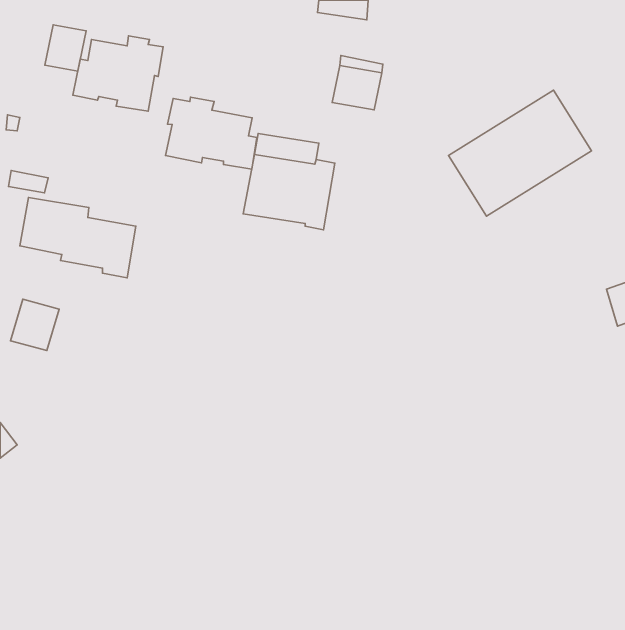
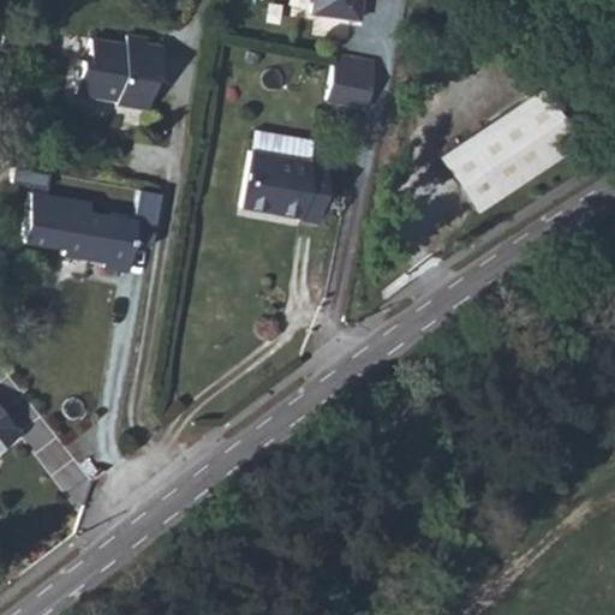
building: [45,25,86,71] -> none
building: [166,97,257,169] -> none
building: [11,299,59,350] -> none

